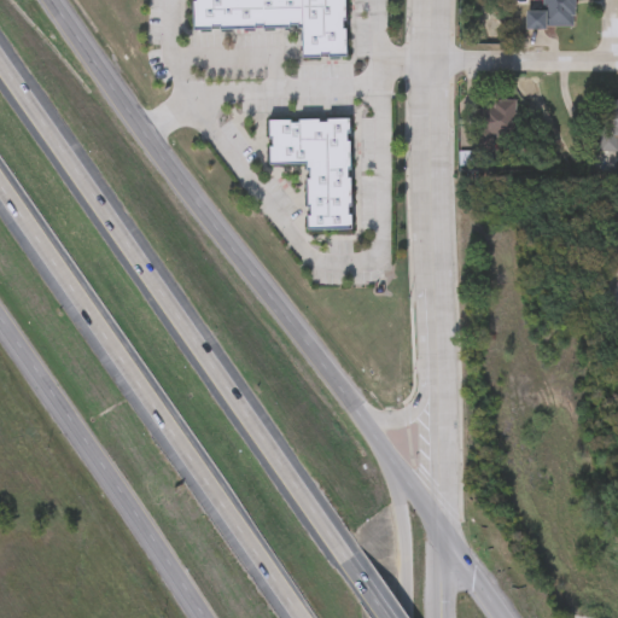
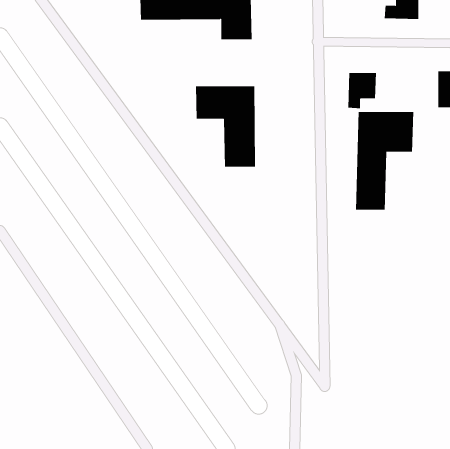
building: none -> [356,111,414,210]

